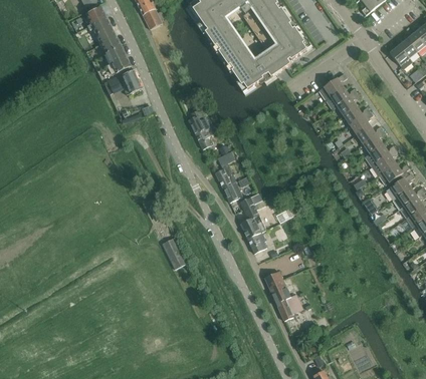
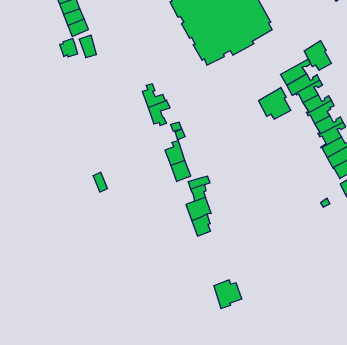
building: none -> [304,41,331,70]
building: none -> [259,87,291,119]
building: [162,236,187,268] -> none
building: [264,270,288,298] -> none

